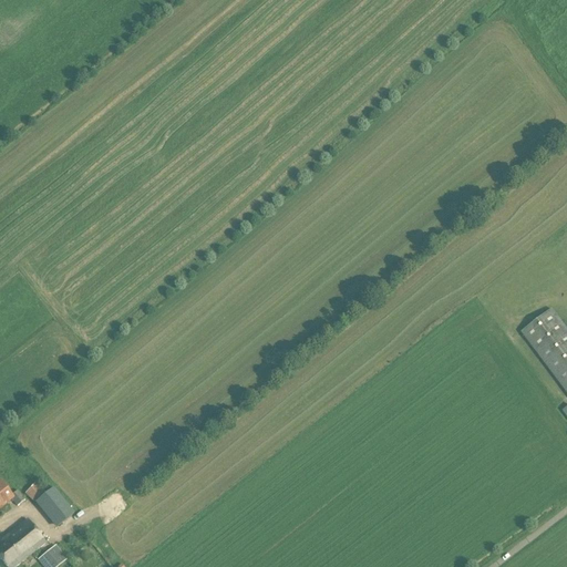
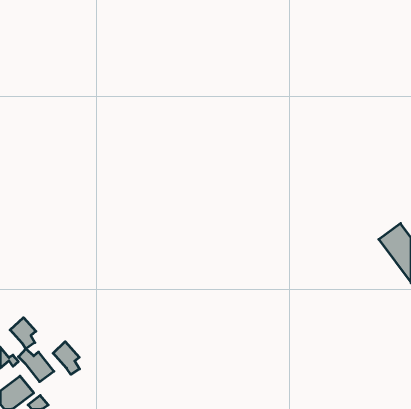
building: none -> [10,318,36,349]
building: none -> [53,342,80,374]

